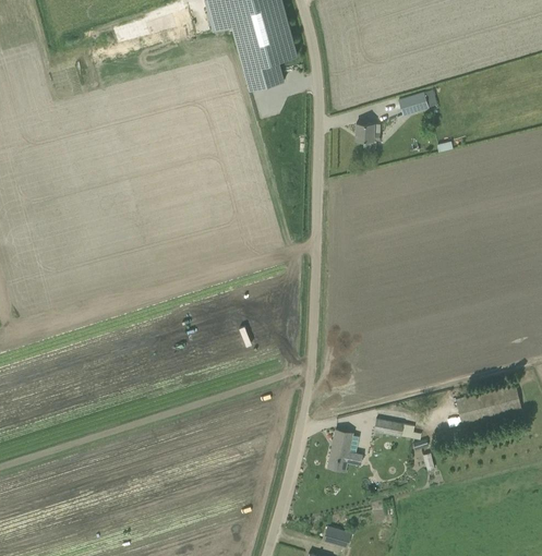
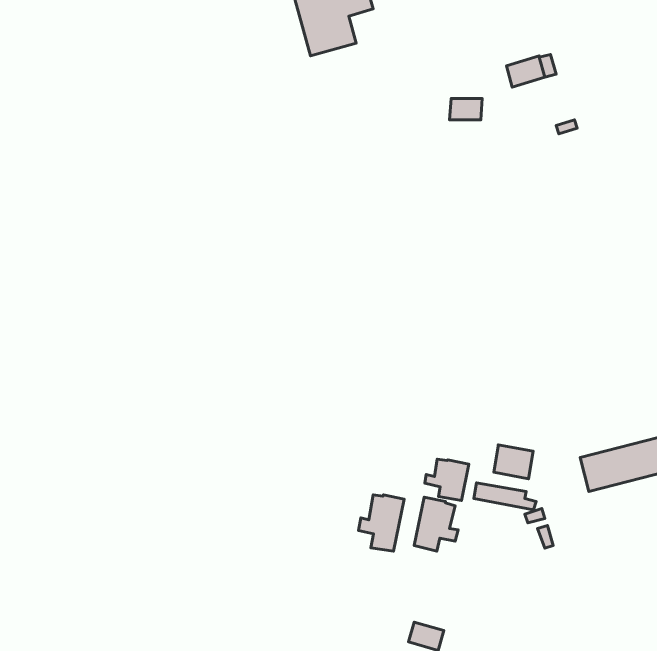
building: none -> [494,445,533,479]
building: none -> [425,459,469,500]
building: none -> [359,495,404,551]

